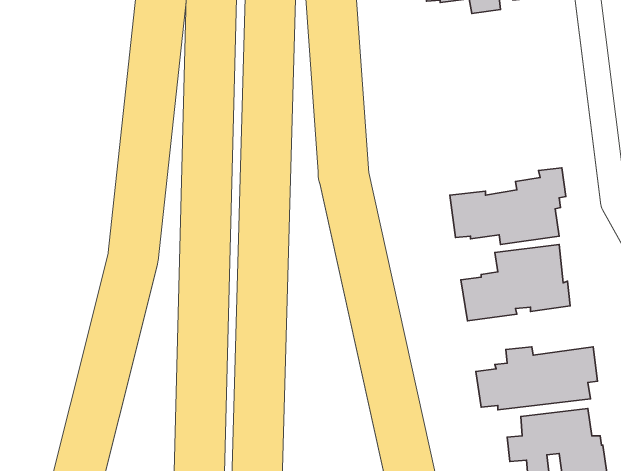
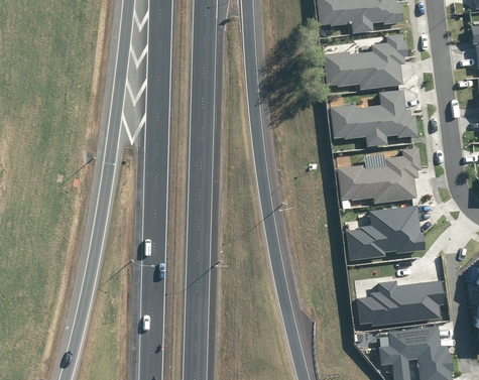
building: none -> [322,34,407,90]
building: none -> [329,91,416,147]

